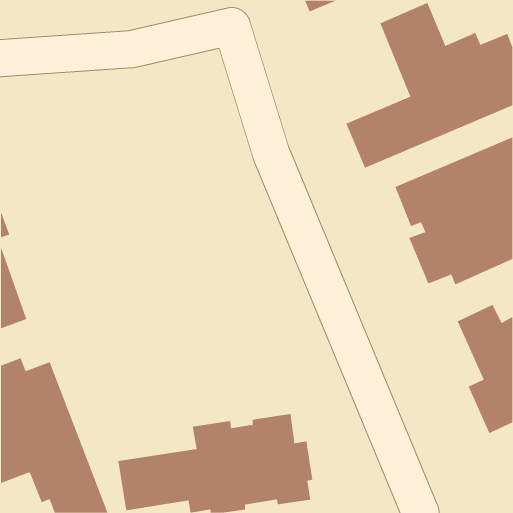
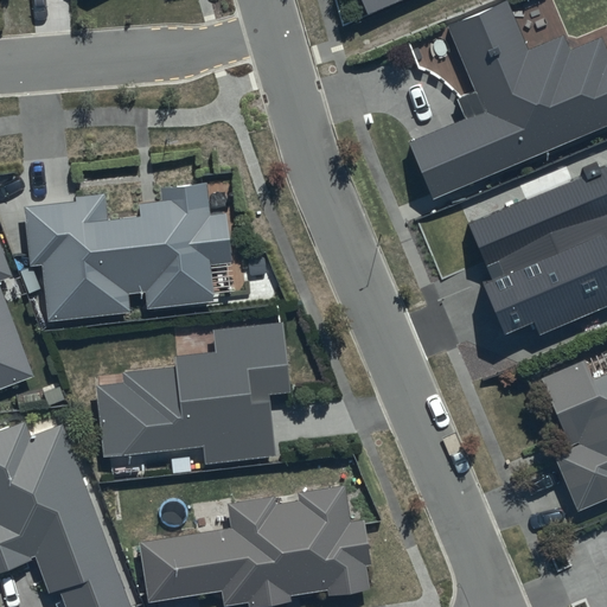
building: none -> [24,184,232,321]
building: none -> [94,322,289,464]

